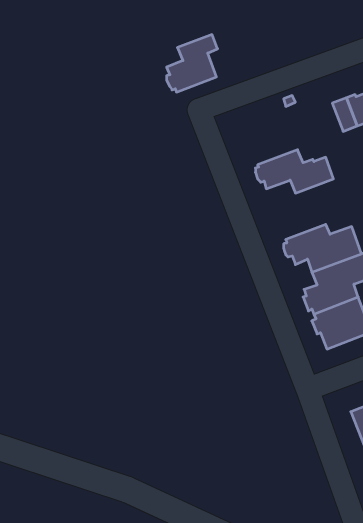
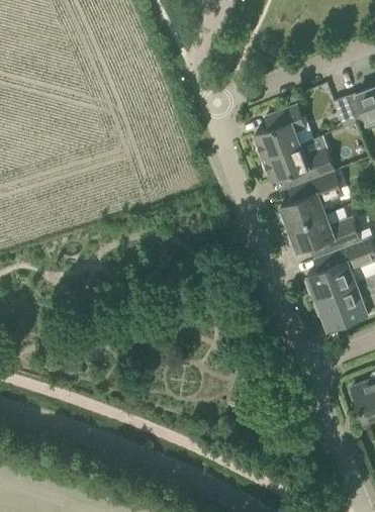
building: [167,35,218,92] -> [255,105,302,159]
building: none -> [281,172,344,228]

